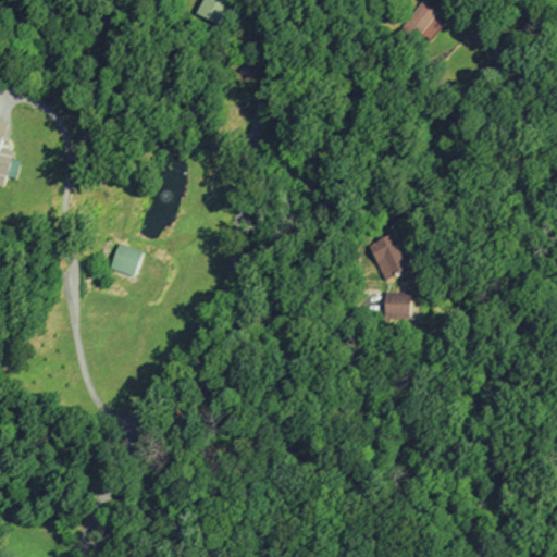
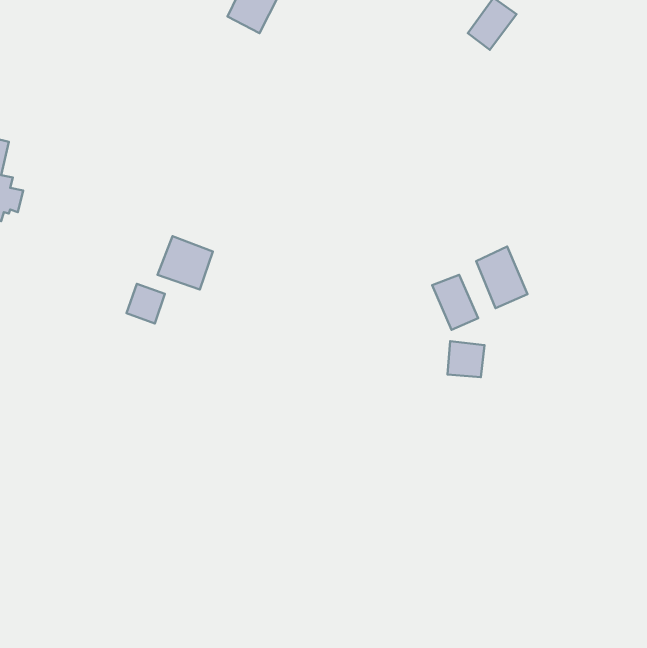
building: none -> [158,236,213,290]
building: none -> [476,247,528,308]

